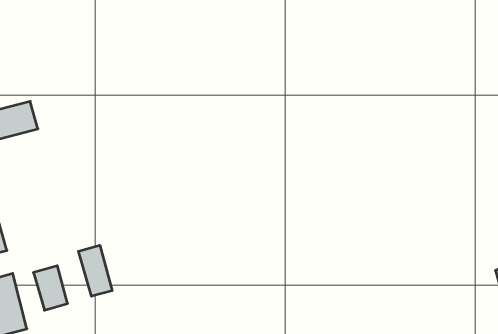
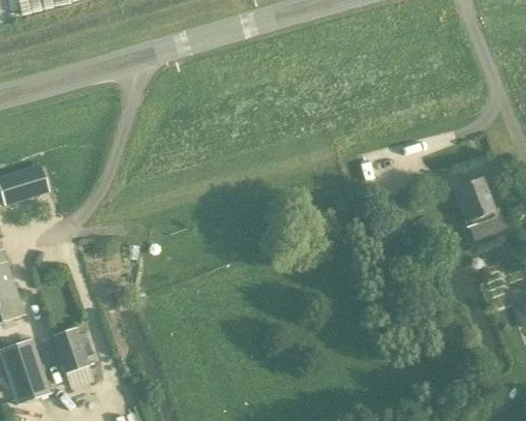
building: none -> [458,175,508,239]
building: [78,245,112,296] -> none

